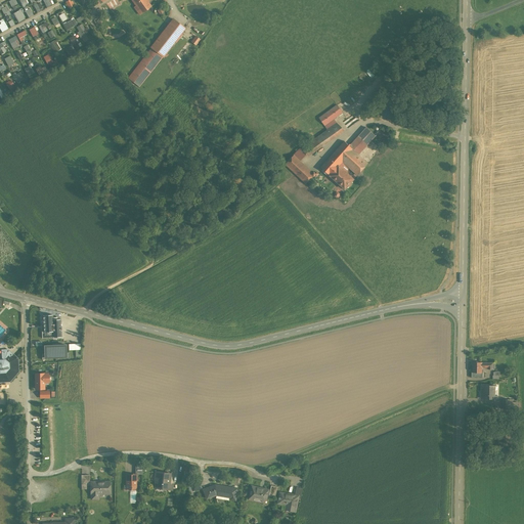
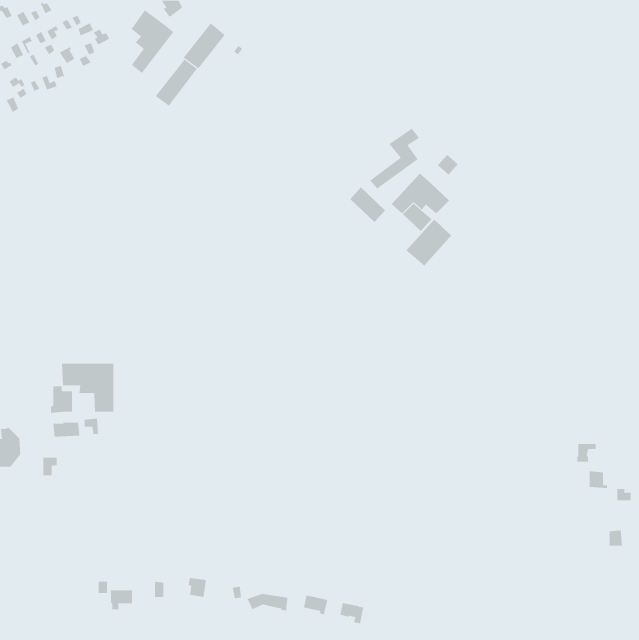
building: none -> [131,9,174,74]
building: none -> [406,219,453,266]
building: none -> [62,363,114,413]

